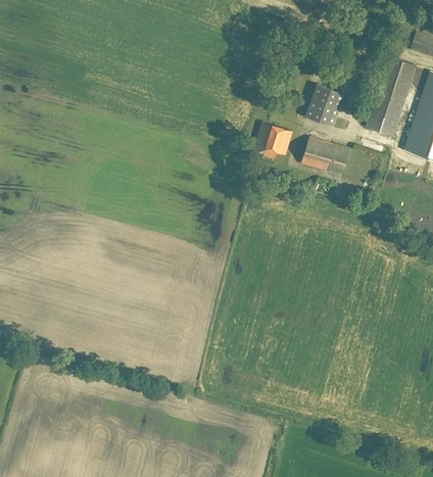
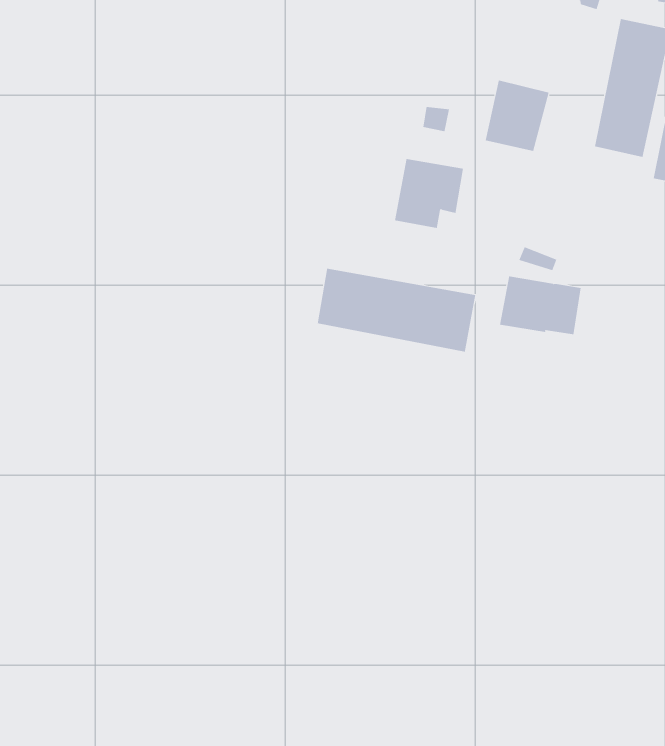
building: [304,138,352,175] -> [499,276,582,335]
building: none -> [317,268,476,353]

